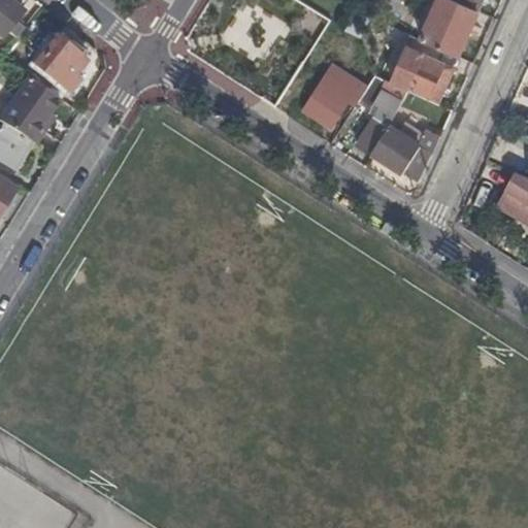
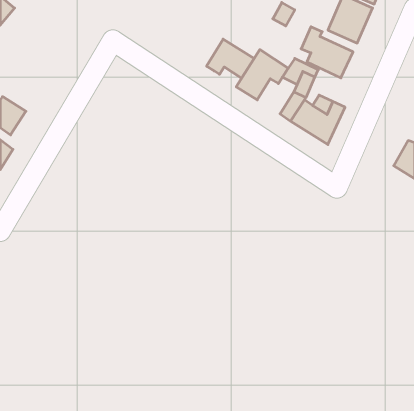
building: [35,39,85,89] -> none
building: none -> [207,39,254,78]
building: [6,80,63,142] -> none

